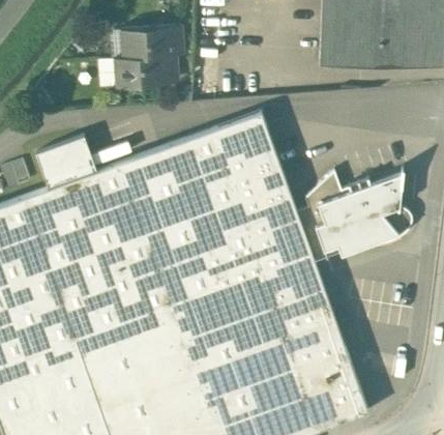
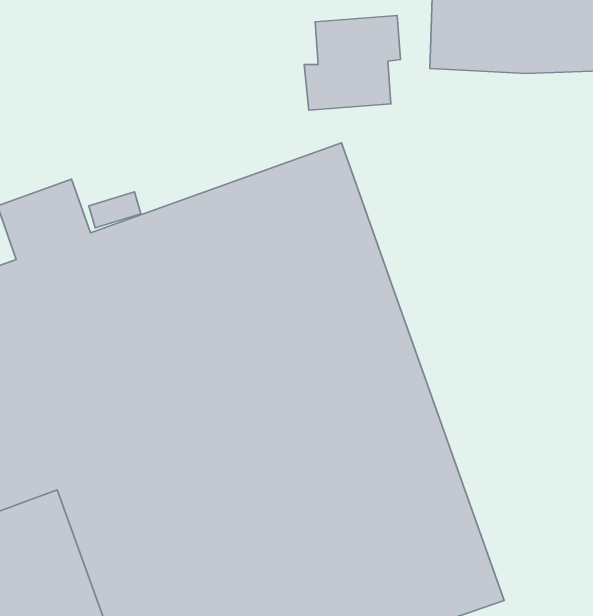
building: [114,25,177,87] -> [304,15,400,110]
building: [297,168,412,258] -> none

